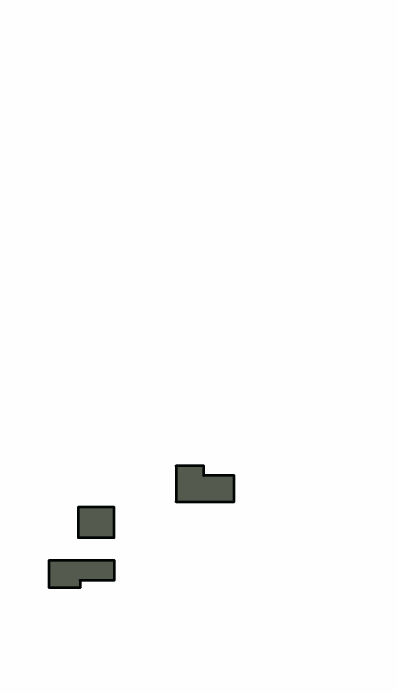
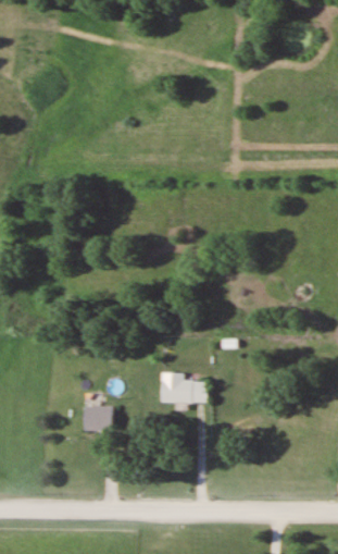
building: [49,560,114,588] -> none

